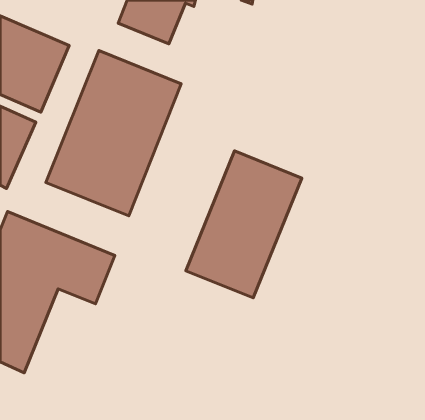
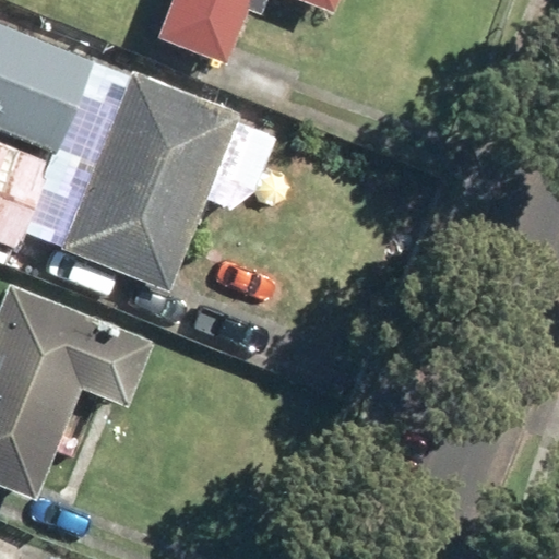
building: [186,151,302,298] -> none

